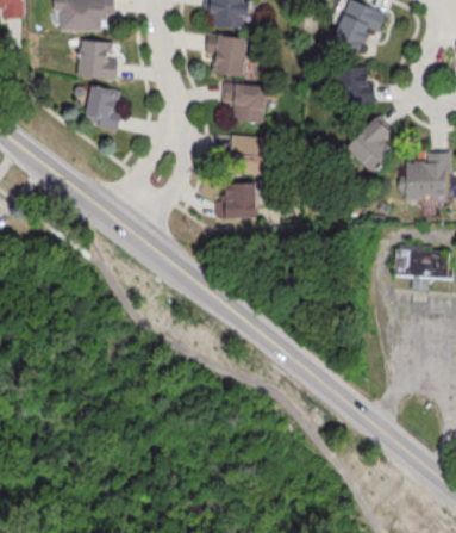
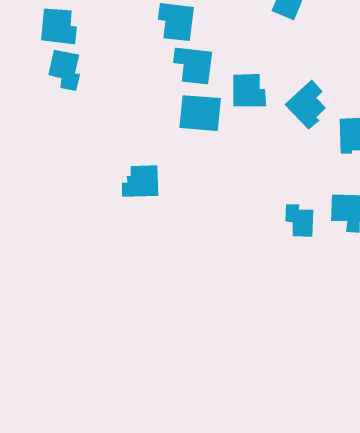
building: [336,66,374,103] -> [232,73,267,107]
building: [215,182,257,218] -> [121,165,159,197]
building: none -> [285,204,314,238]

